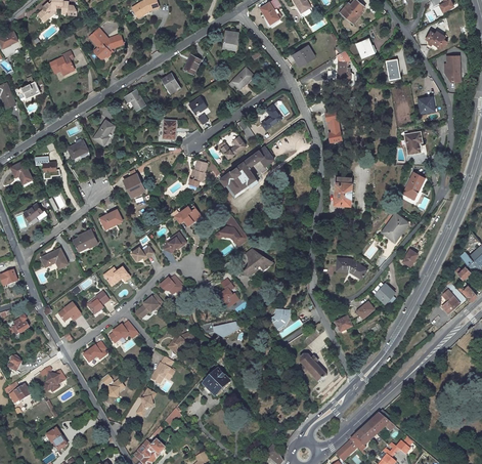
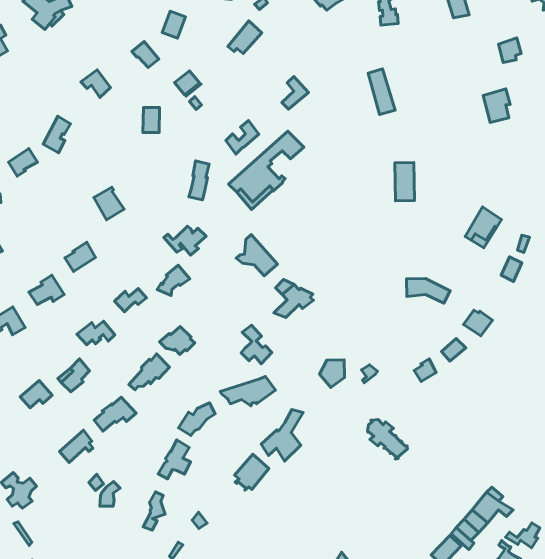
building: [400,171,425,200] -> none
building: none -> [261,409,303,461]

